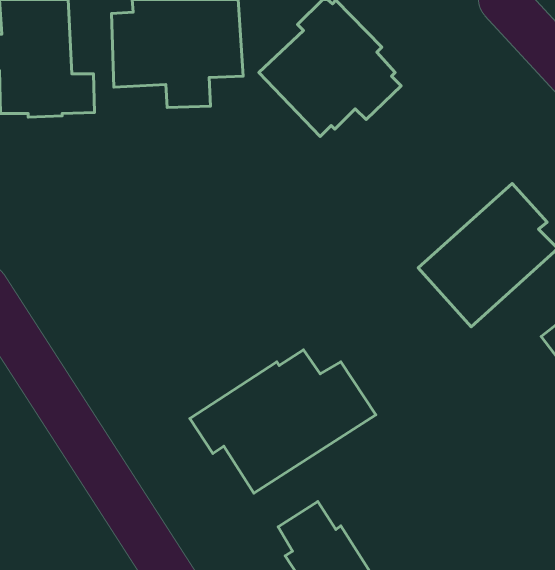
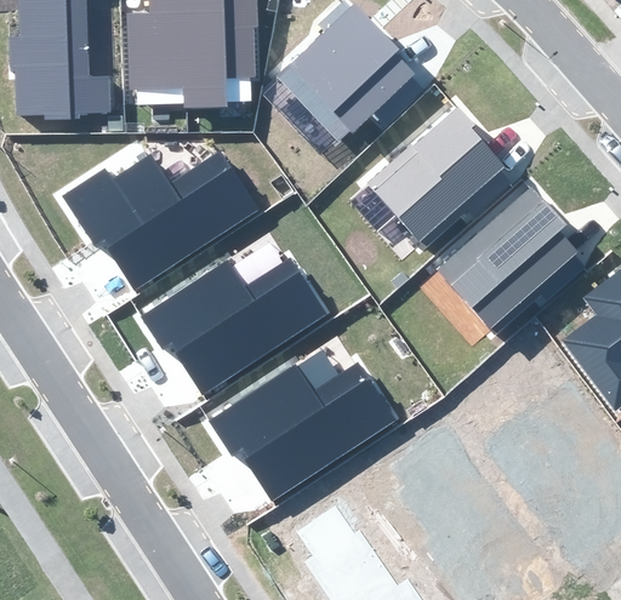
building: none -> [369,103,505,246]
building: none -> [62,152,256,287]
building: none -> [141,257,325,389]

